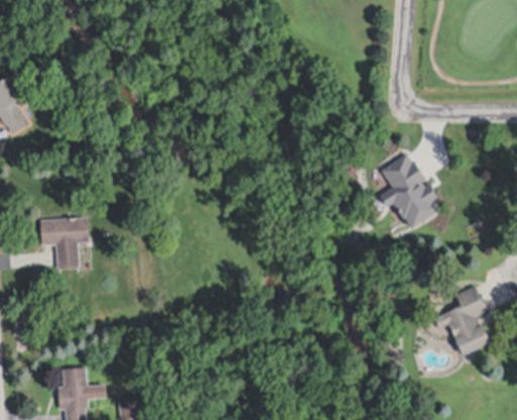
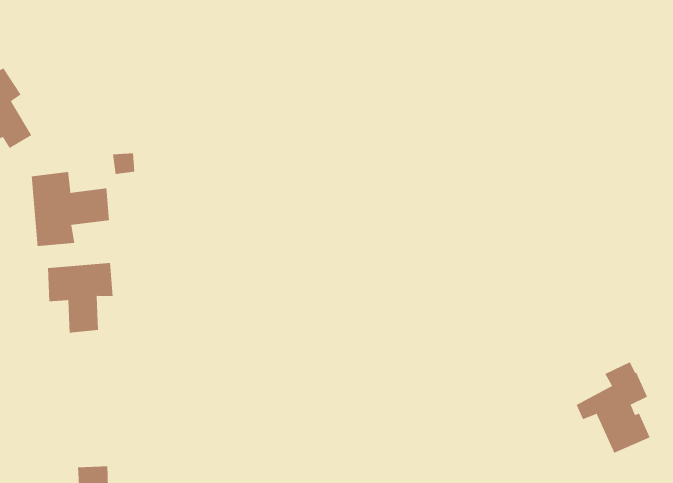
building: none -> [31,171,109,247]
building: [380,155,437,230] -> none

